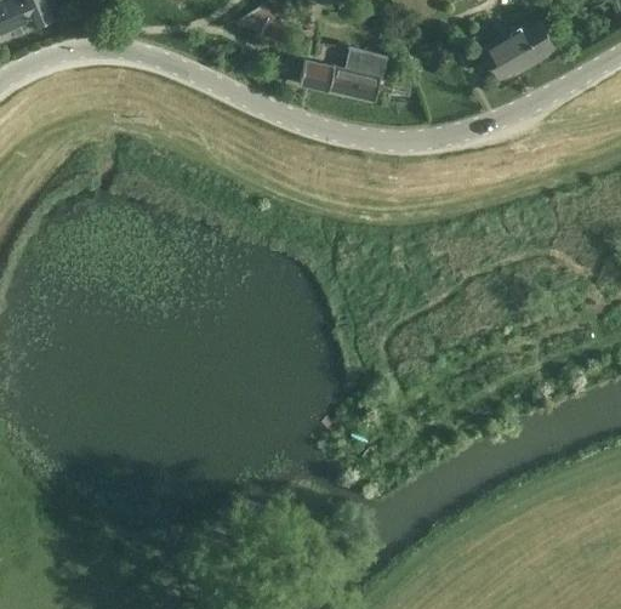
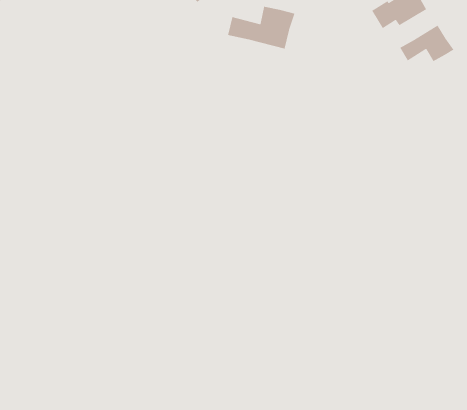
building: none -> [399,24,454,62]

